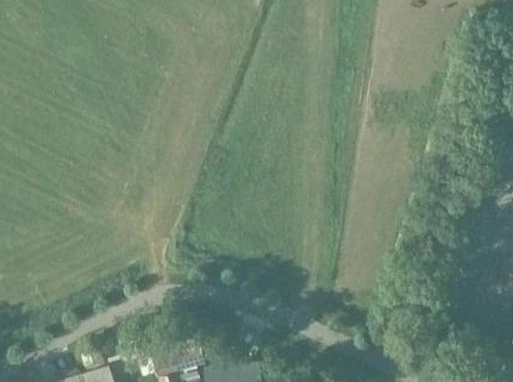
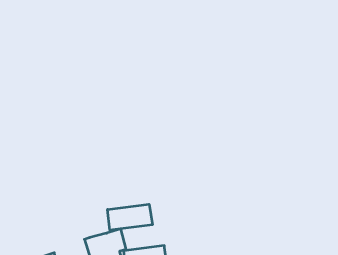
building: none -> [108,204,152,230]

